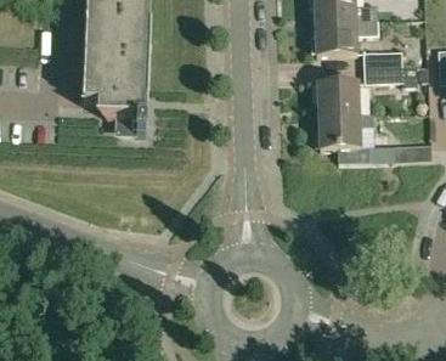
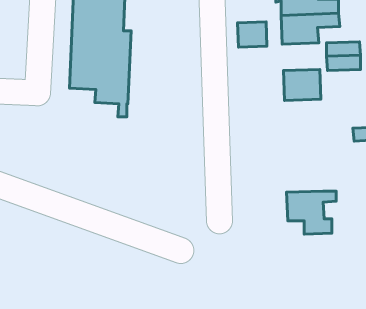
building: none -> [238,22,267,47]
building: [320,114,374,162] -> [287,191,336,234]

